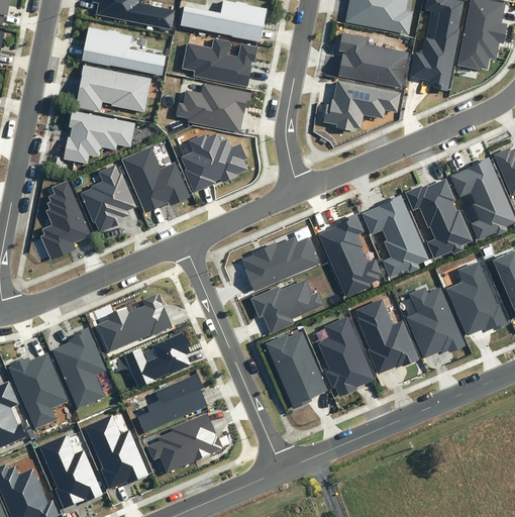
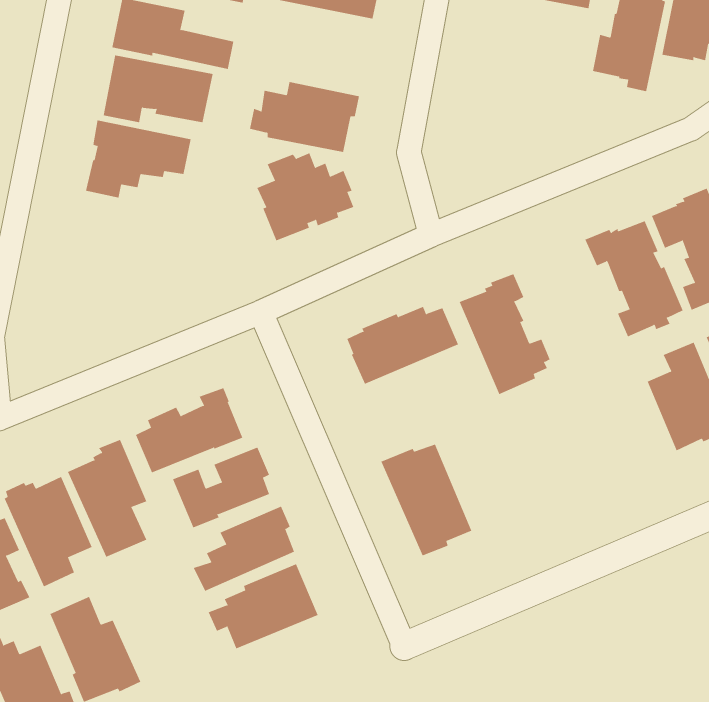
building: [338,31,409,88] -> none
building: [182,37,258,86] -> none
building: [323,80,401,130] -> none
building: [121,145,190,212] -> none
building: [80,164,135,231] -> none
building: [41,179,91,258] -> none
building: [363,194,428,276] -> none
building: [250,278,324,332] -> none
building: [407,286,467,357] -> none
building: [356,298,420,374] -> none
building: [318,316,374,396] -> none
building: [85,414,148,489] -> none

